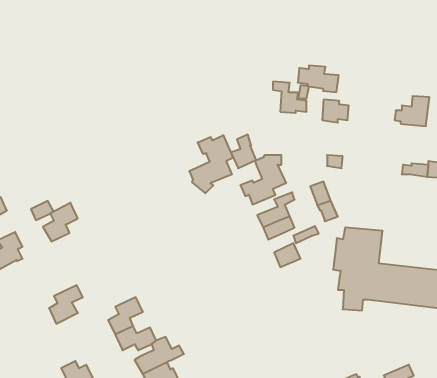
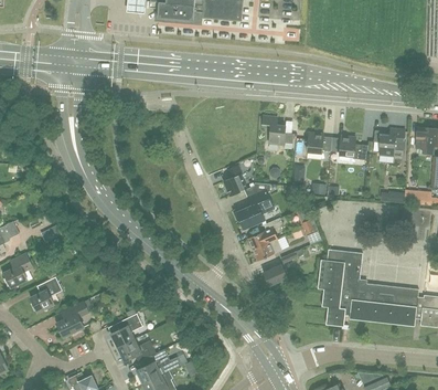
building: [298,66,339,92] -> [330,136,367,160]
building: [189,135,233,193] -> none
building: [43,203,78,241] -> [29,277,61,313]

